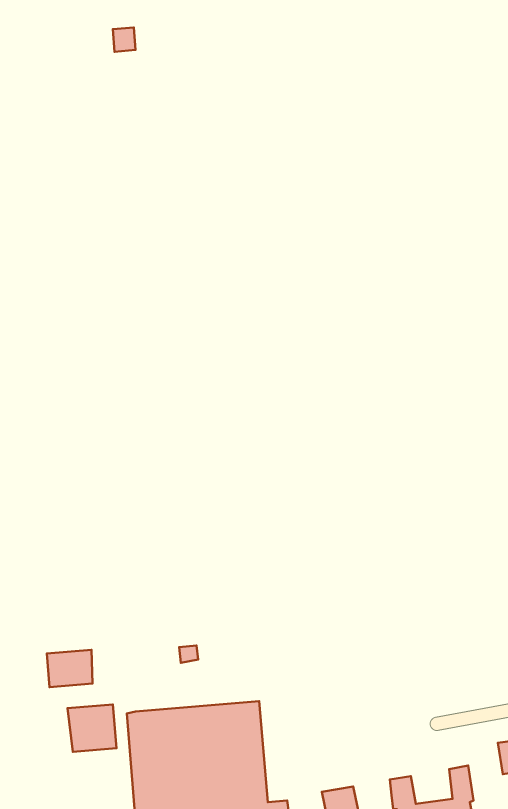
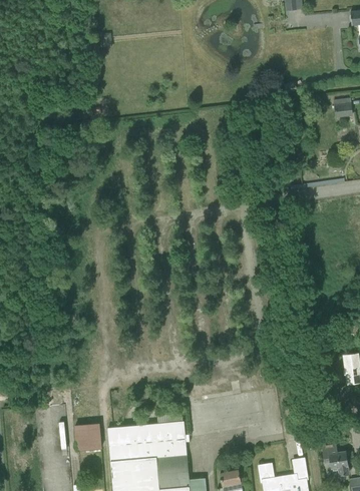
building: [47,650,92,687] -> none

